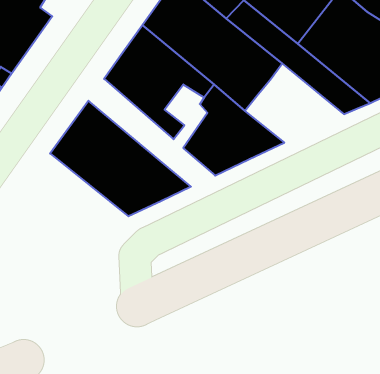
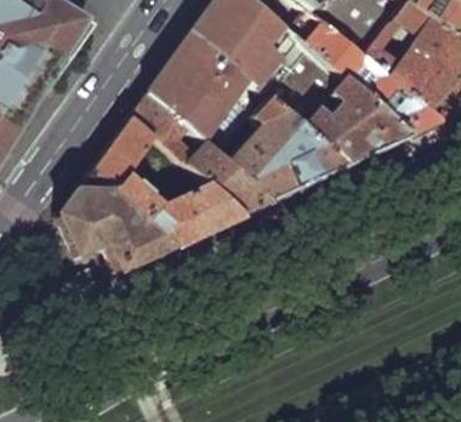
building: none -> [305,73,414,160]
building: none -> [132,90,272,209]
building: none -> [61,172,176,267]

